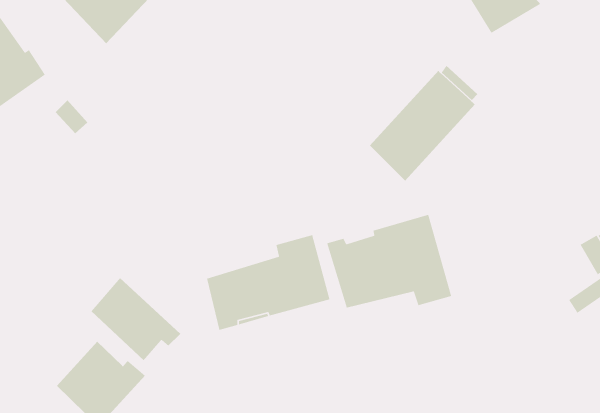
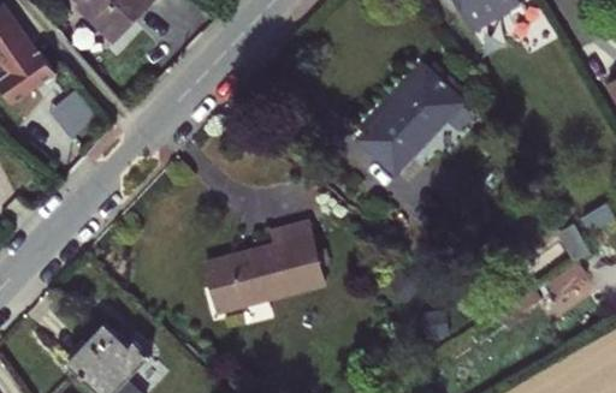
building: [326,214,452,308] -> none
building: [90,277,181,361] -> none

